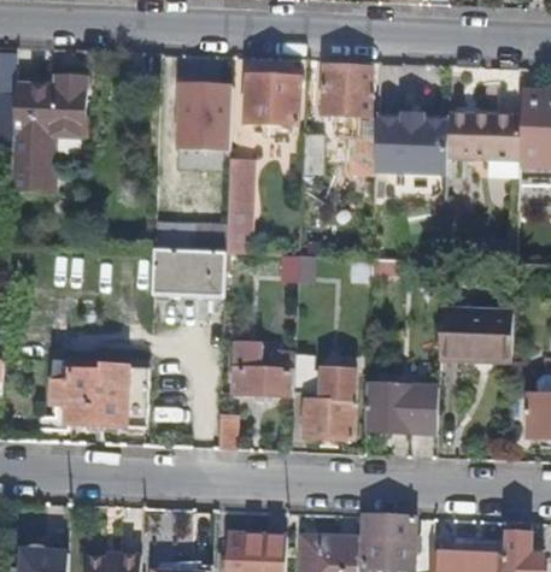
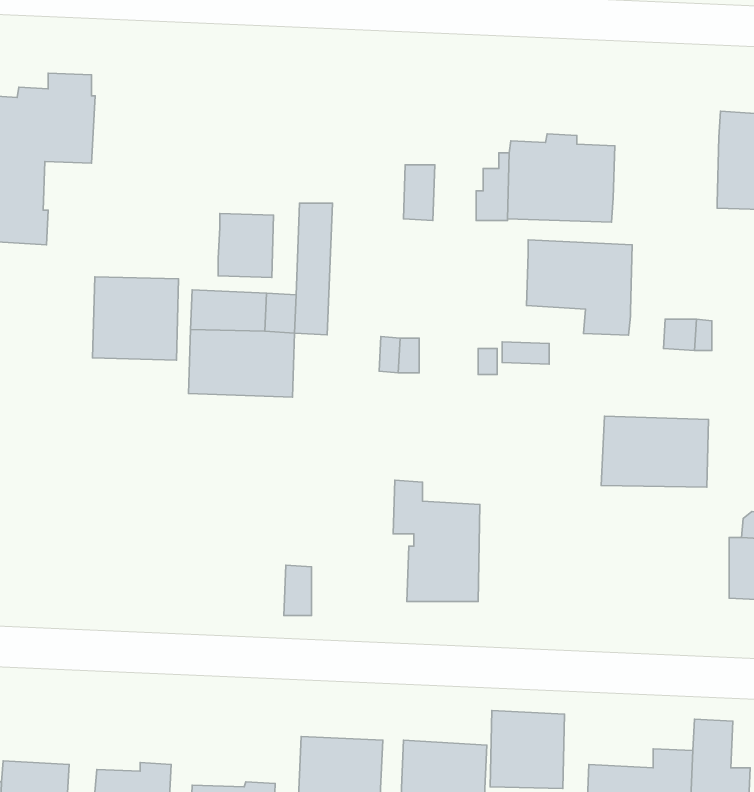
building: [321,66,371,116] -> none
building: [245,75,300,125] -> none
building: [169,82,224,163] -> none
building: [447,112,521,178] -> [526,240,632,335]
building: none -> [93,277,179,360]
building: [234,343,295,395] -> none
building: [54,365,148,427] -> none
building: [364,383,439,432] -> none

